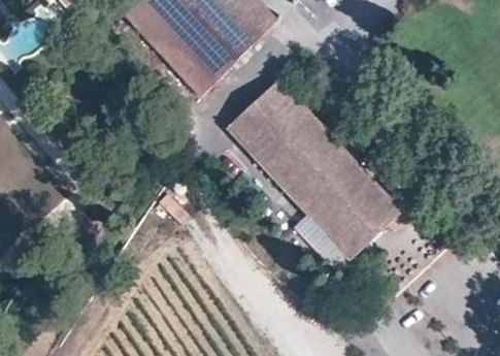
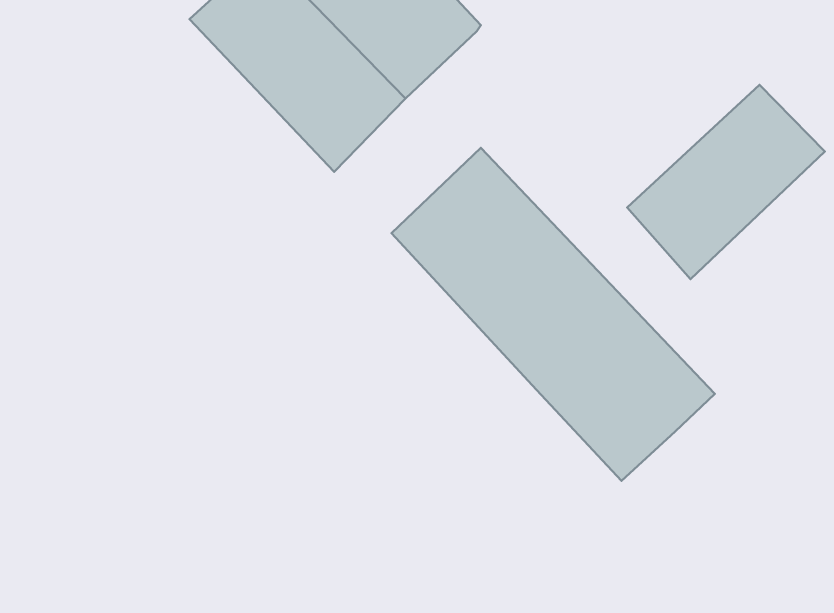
building: none -> [627,85,825,279]

